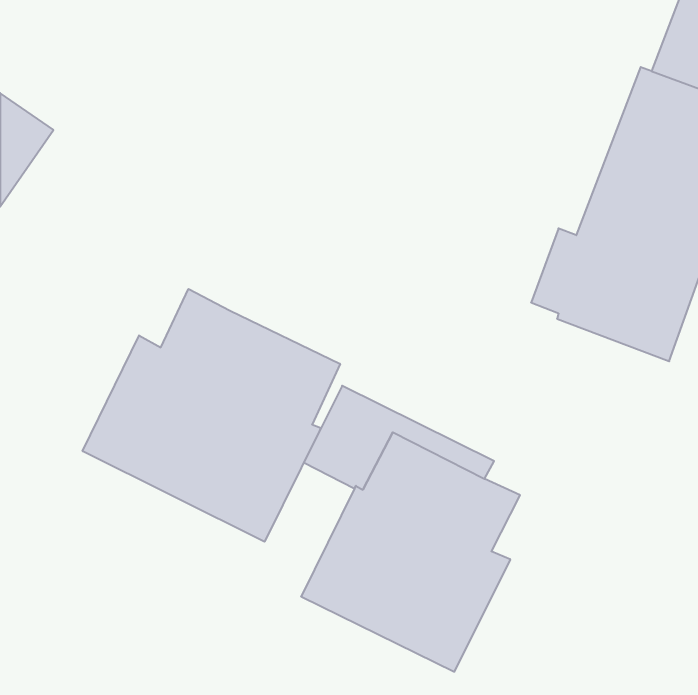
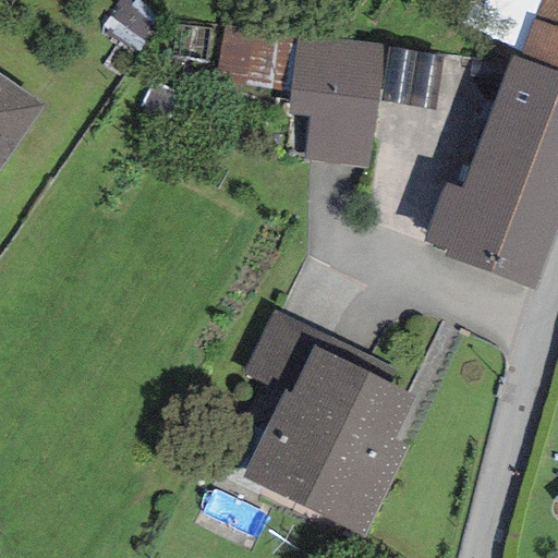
building: none -> [204,21,433,173]
building: [83,289,340,542] -> none

